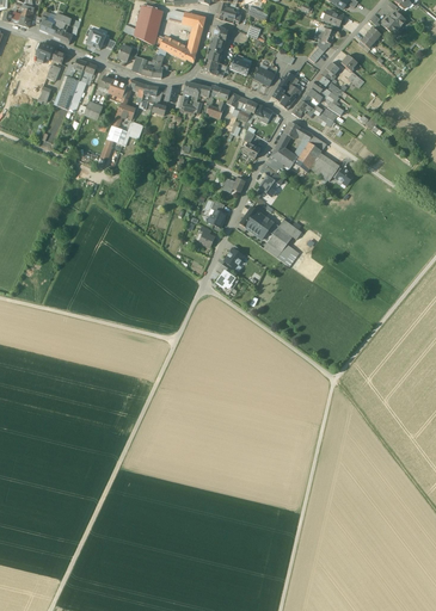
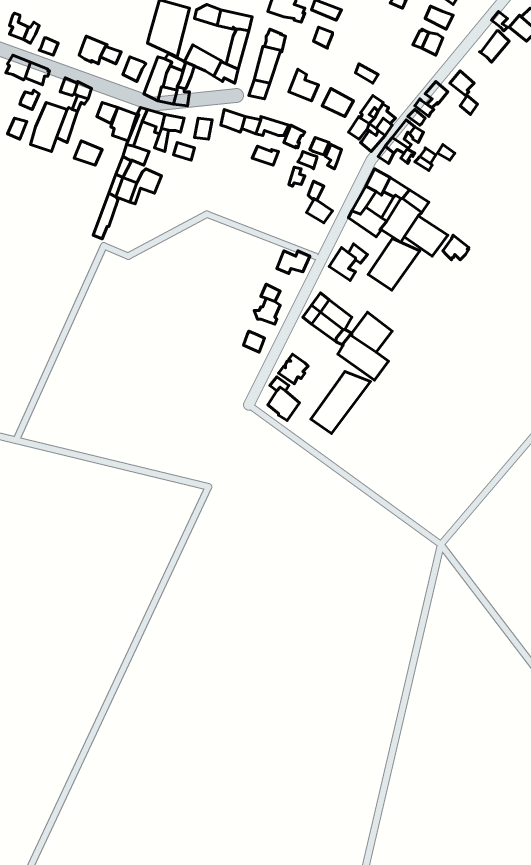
building: none -> [368,239,420,290]
building: none -> [311,372,370,434]

